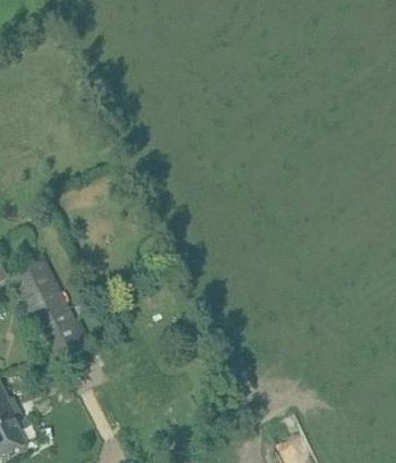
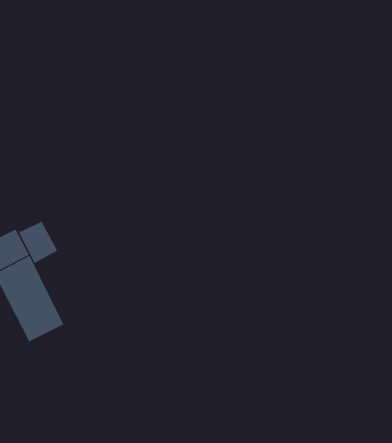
building: none -> [18,221,58,264]

